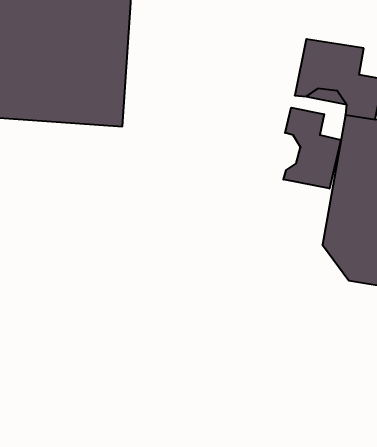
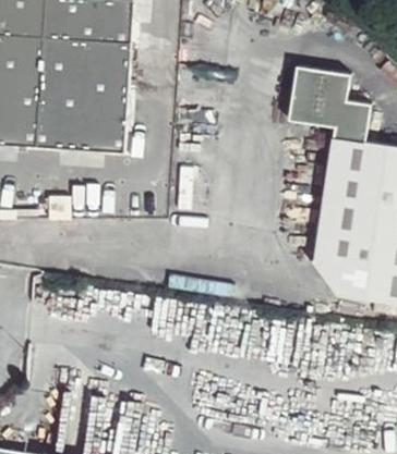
building: [283,108,341,189] -> none

